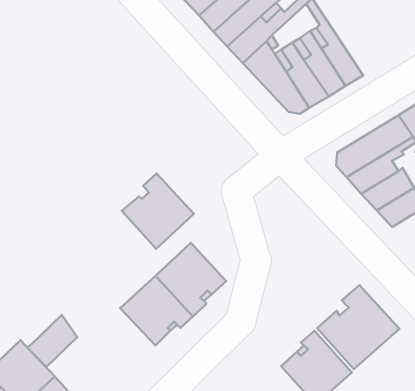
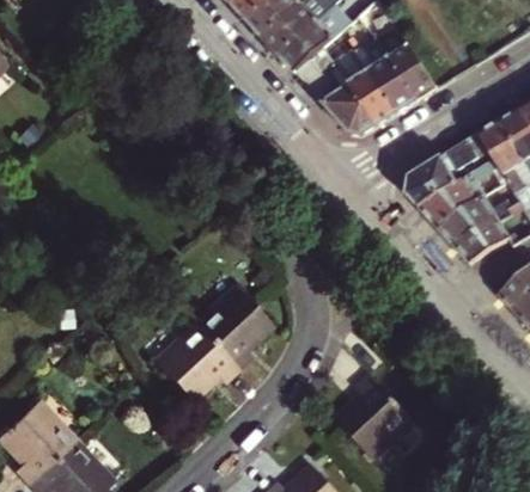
building: [122,173,194,249] -> none
building: [317,285,399,369] -> none
building: [27,315,77,367] -> none

